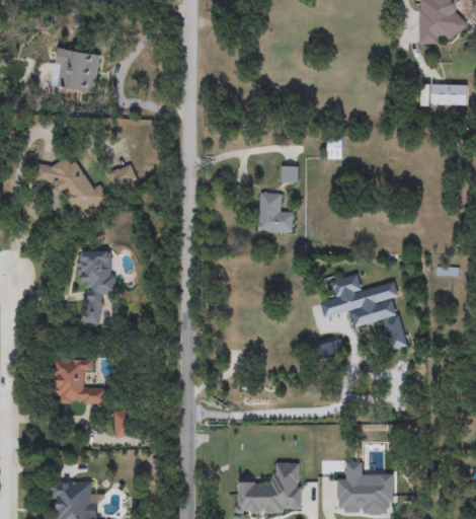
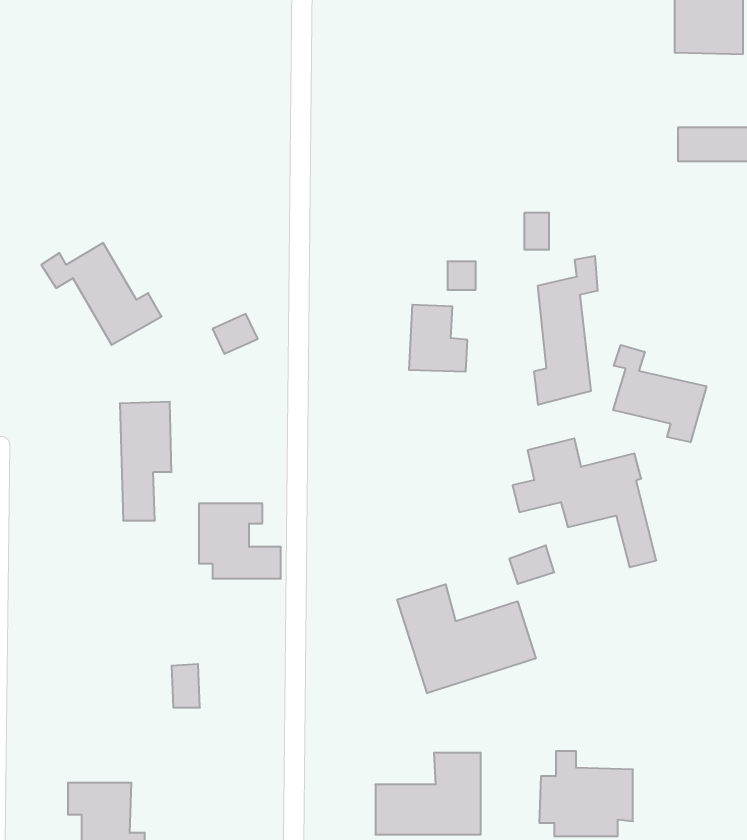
building: [52,48,100,92] -> none
building: none -> [534,256,598,405]
building: [109,163,137,188] -> [213,314,258,354]
building: none -> [613,345,706,442]
building: [54,359,103,404] -> [199,503,281,579]
building: none -> [397,584,536,693]

